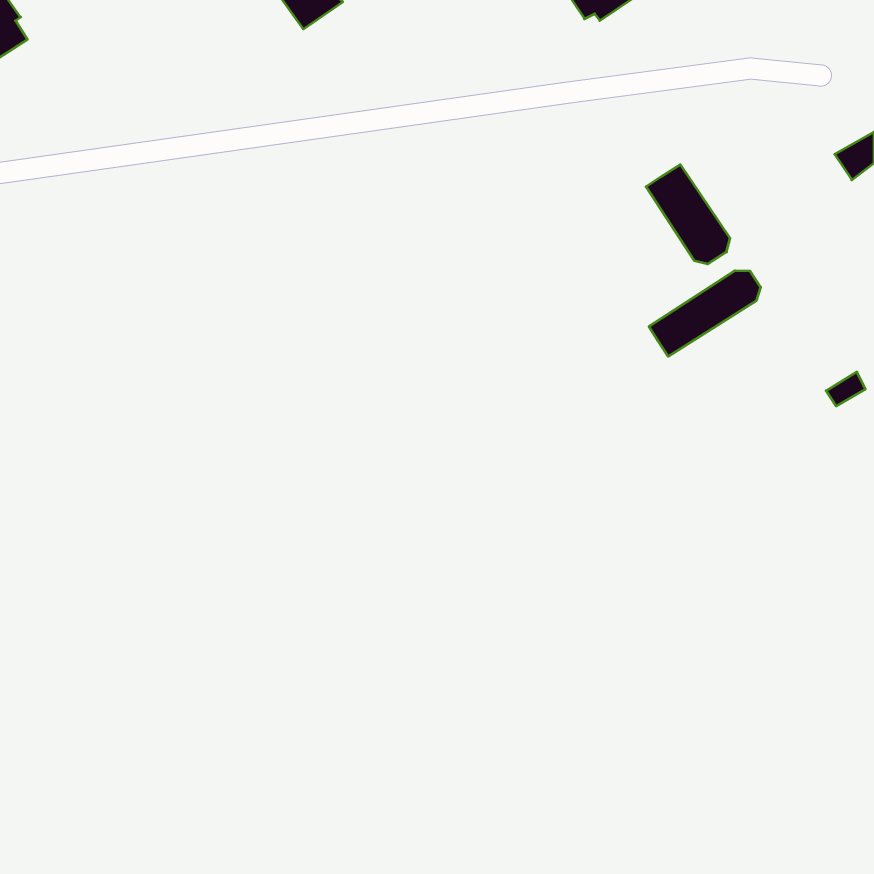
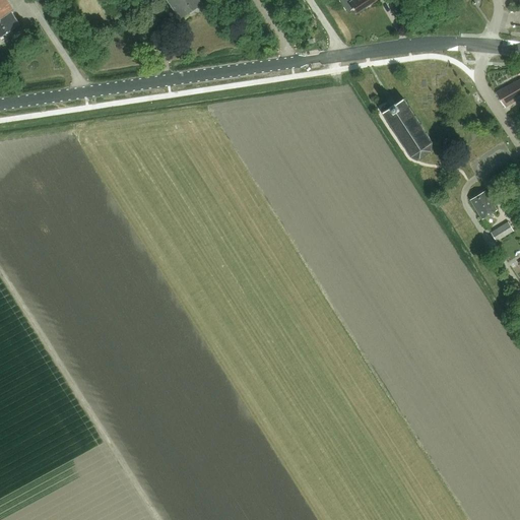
building: [649,271,761,356] -> none
building: none -> [470,190,497,218]

